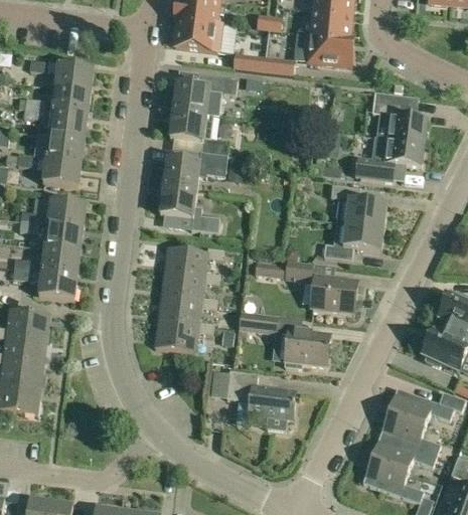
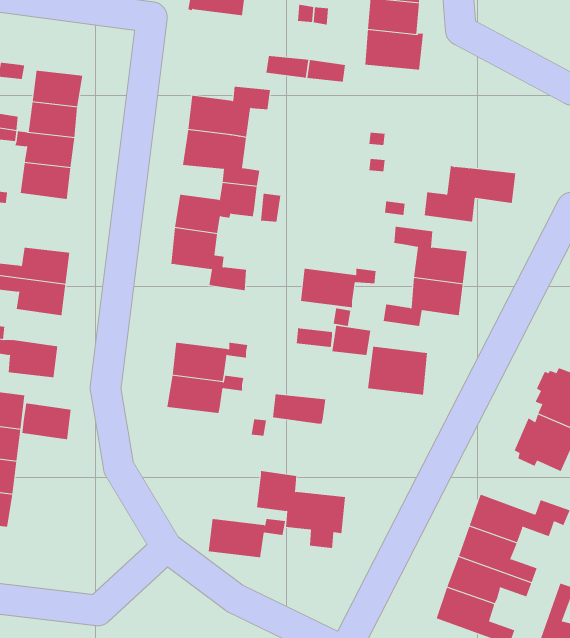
building: [174,19,220,51] -> none
building: [371,94,426,144] -> none
building: [42,159,82,188] -> none
building: [39,247,77,276] -> [21,403,72,440]
building: [164,247,222,278] -> [300,268,377,308]
building: [154,322,213,352] -> [208,518,286,558]
building: [284,330,329,368] -> none

